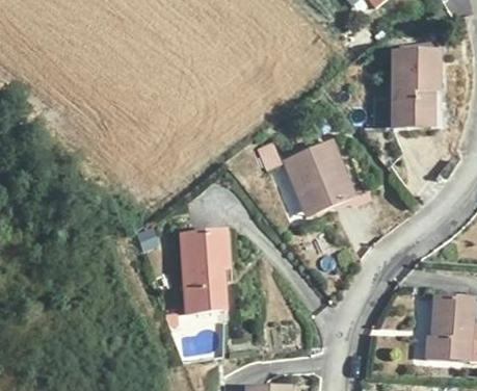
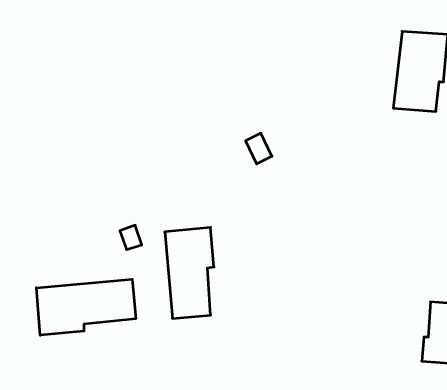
building: [284,139,351,215] -> none
building: none -> [36,279,136,335]

